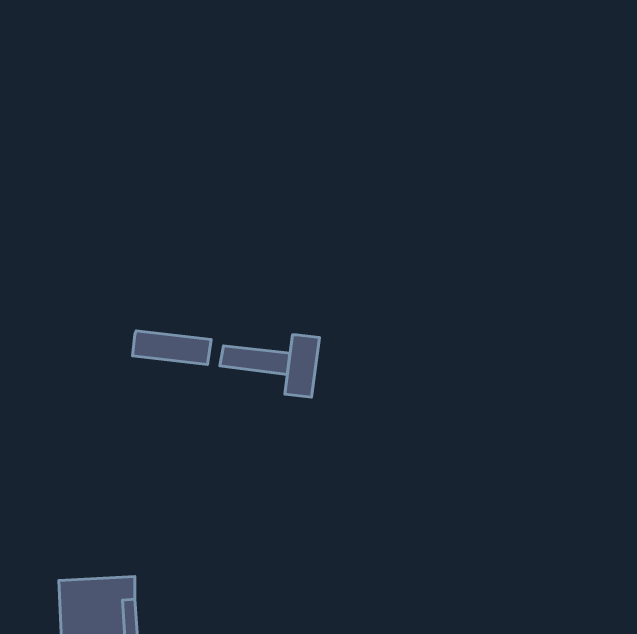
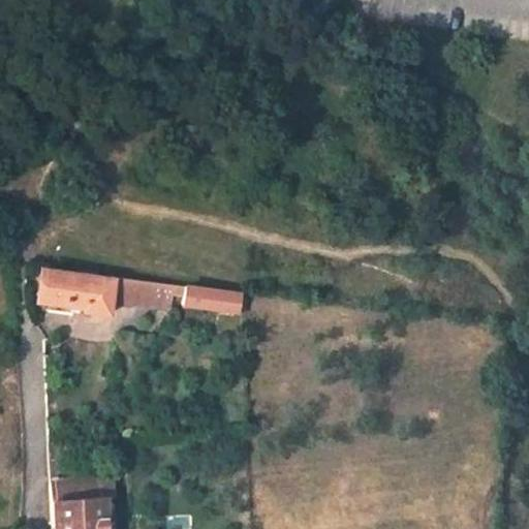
building: none -> [39,272,113,314]
building: [285,335,319,397] -> none

